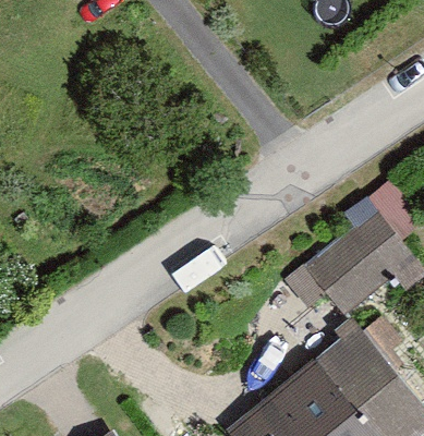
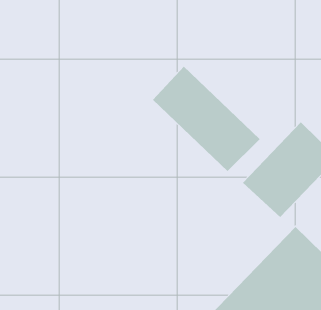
building: none -> [152,66,260,172]

